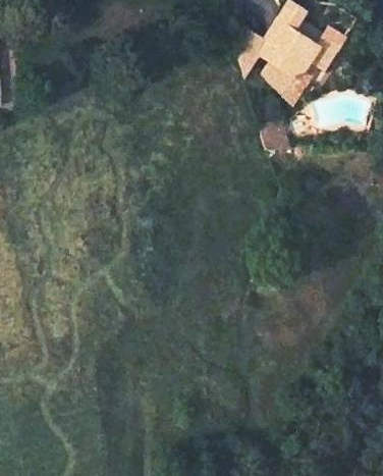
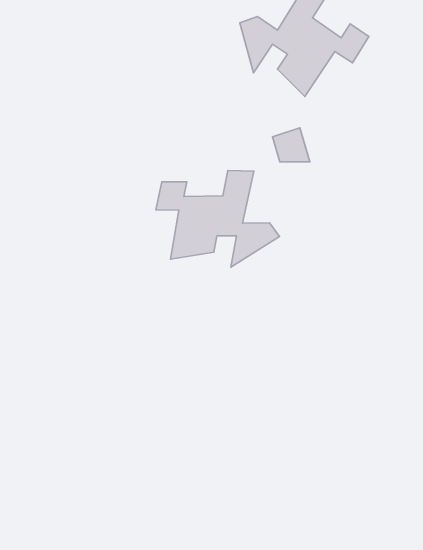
building: none -> [156,170,280,267]

